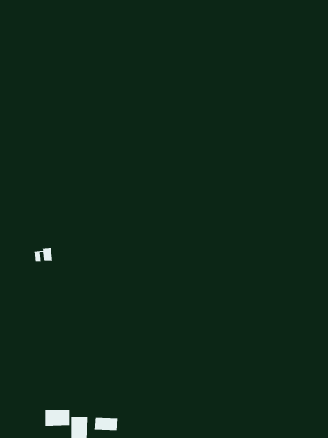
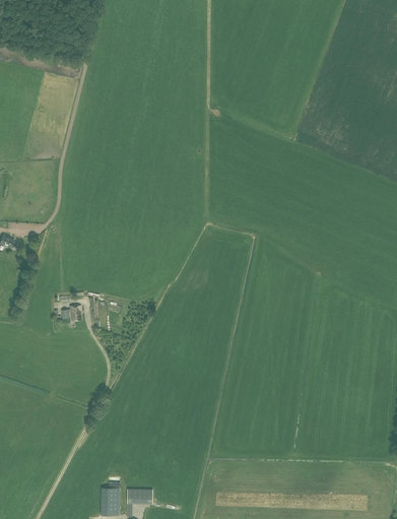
building: [45,409,70,427] -> none

